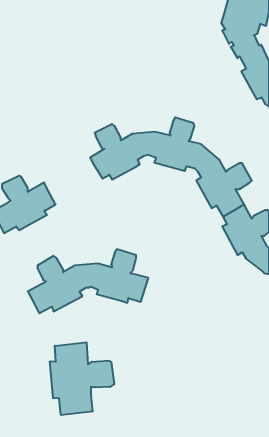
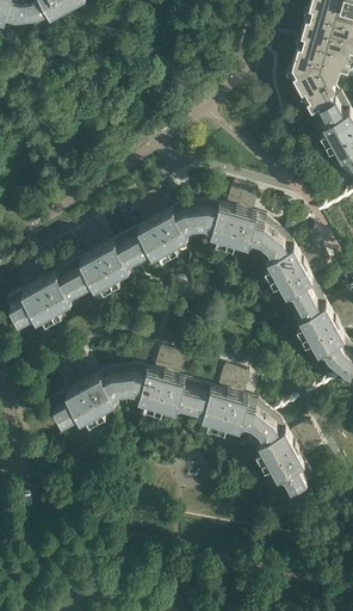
building: none -> [69,227,142,296]
building: none -> [190,370,320,494]
building: [50,342,114,415] -> none

